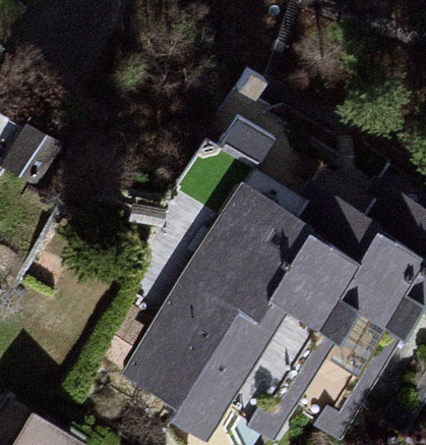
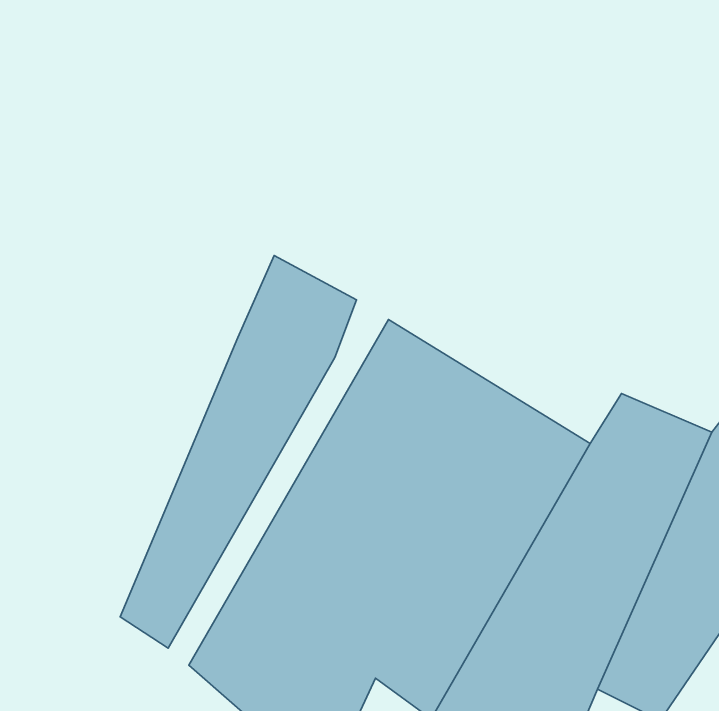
building: none -> [120,255,357,648]

